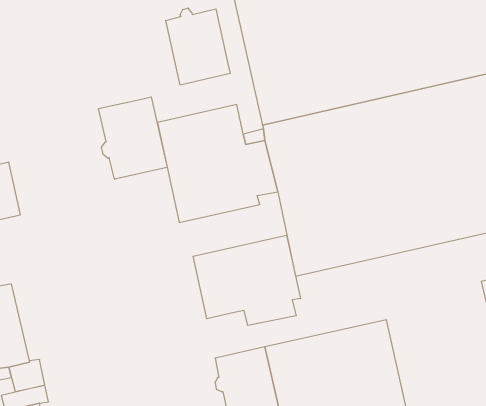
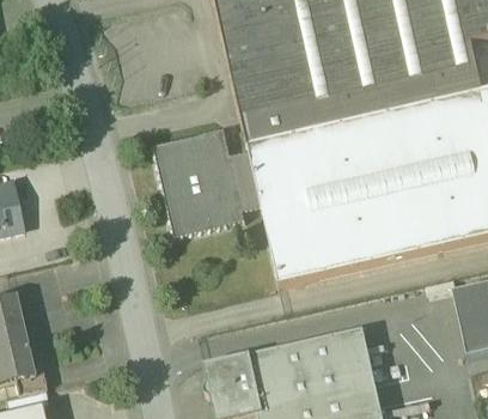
building: [166,8,230,85] -> none
building: [99,97,167,179] -> none
building: [193,235,301,325] -> none

